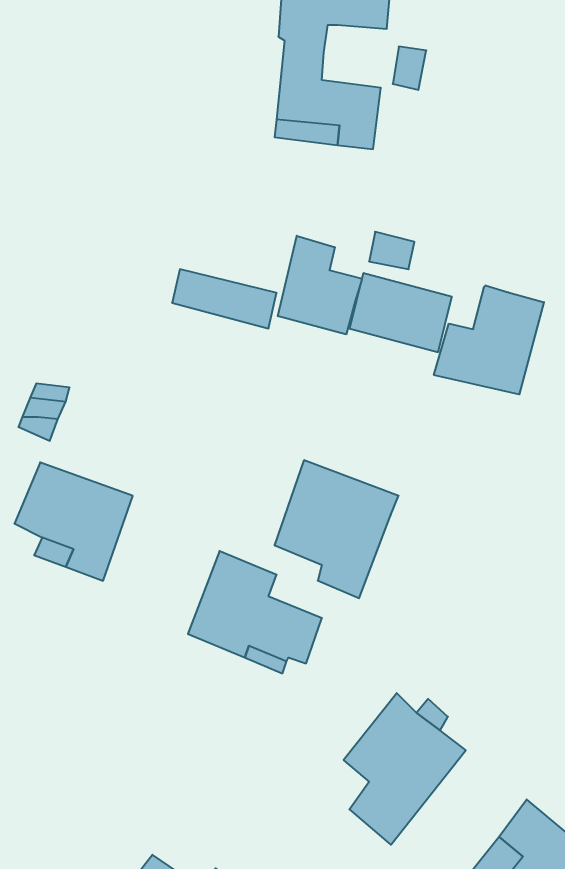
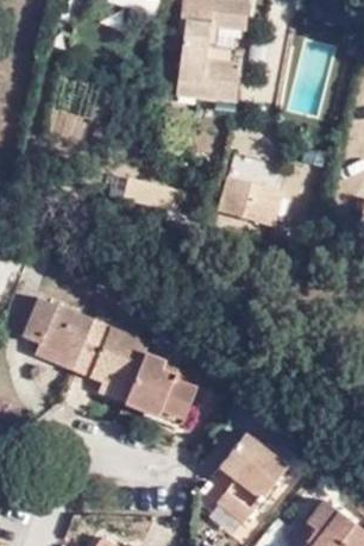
building: [278,236,362,334] -> none
building: [434,285,544,394] -> none
building: [274,460,399,598] -> [71,316,146,400]

